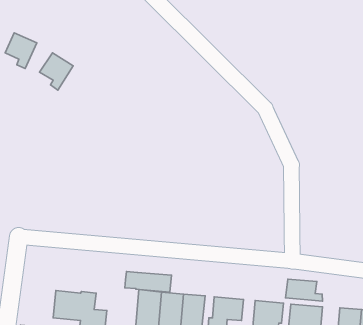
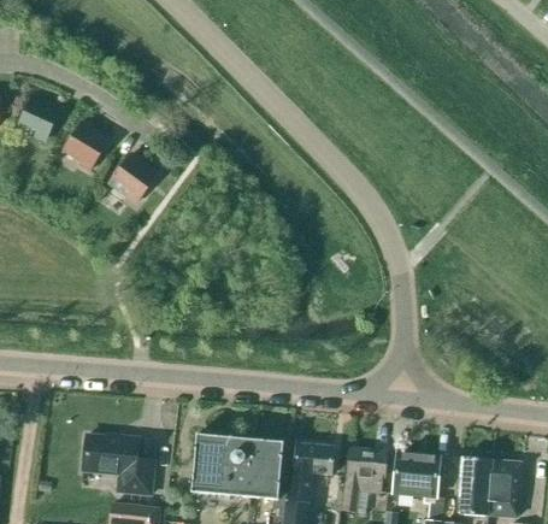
building: none -> [113,152,158,202]
building: [125,271,171,292] -> none
building: [286,279,322,301] -> none

